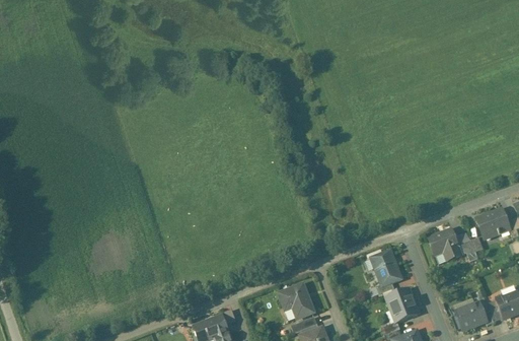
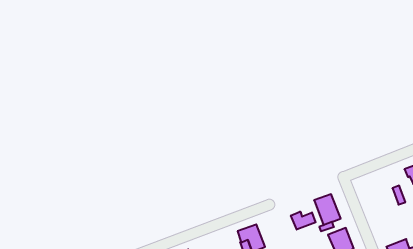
building: [428,228,461,259] -> none
building: none -> [291,212,316,230]

